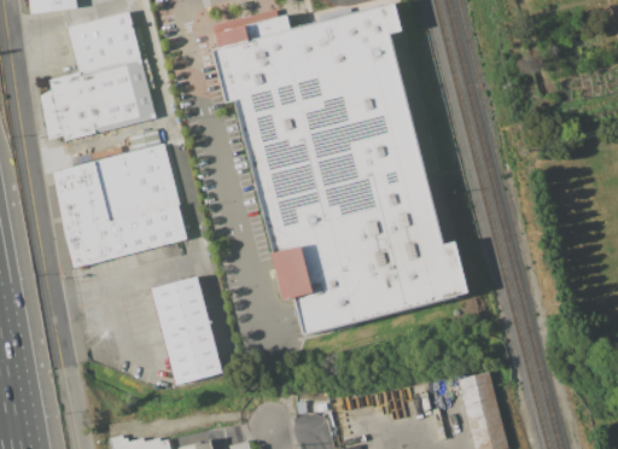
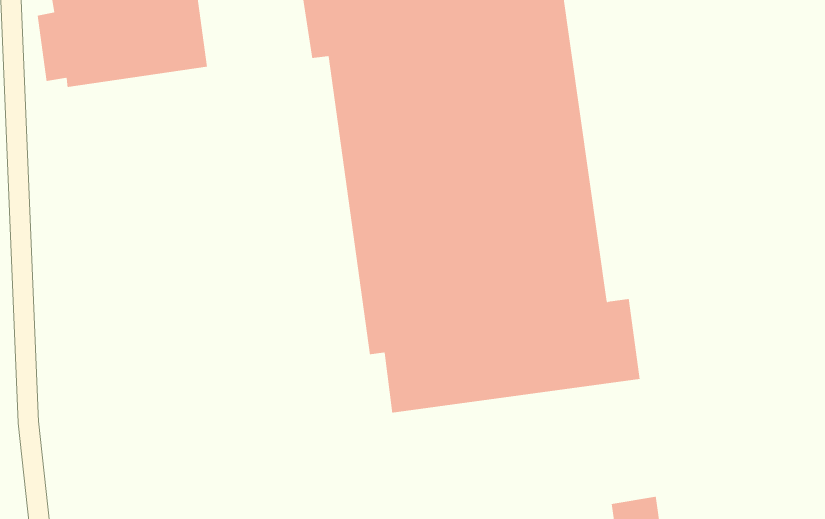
building: [53,145,186,264] -> none
building: [151,280,221,387] -> none

